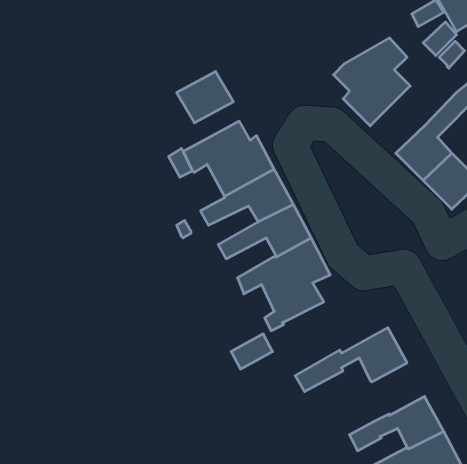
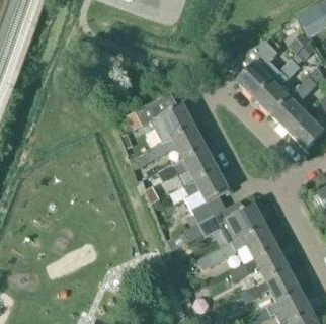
building: none -> [254,58,299,112]
building: [177,71,233,123] -> none
building: none -> [198,198,265,239]
building: none -> [230,245,289,279]

